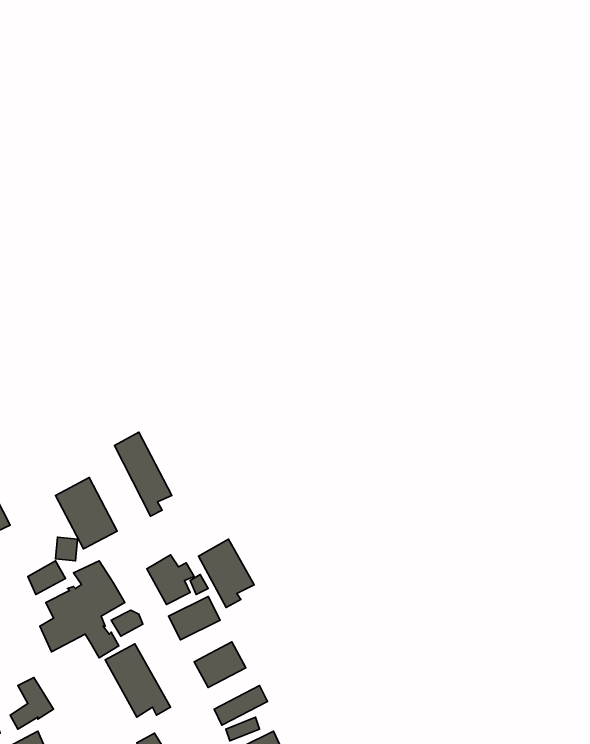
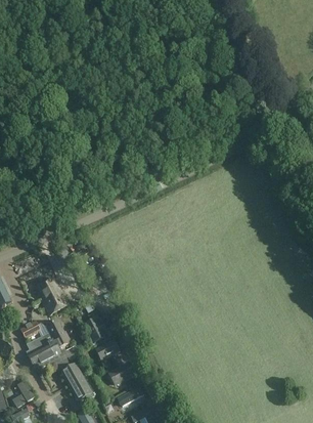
building: [114,432,172,516] -> none
building: [199,539,254,607] -> none

